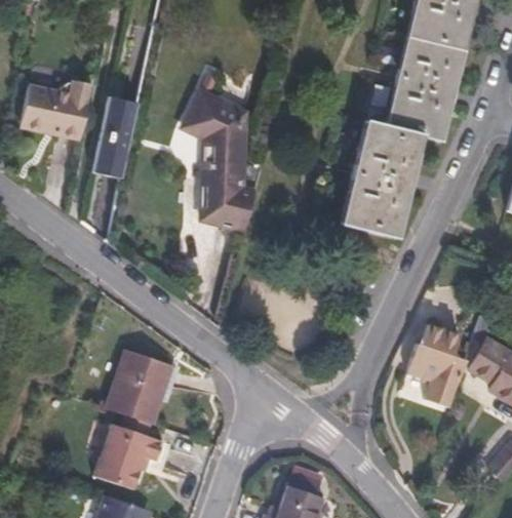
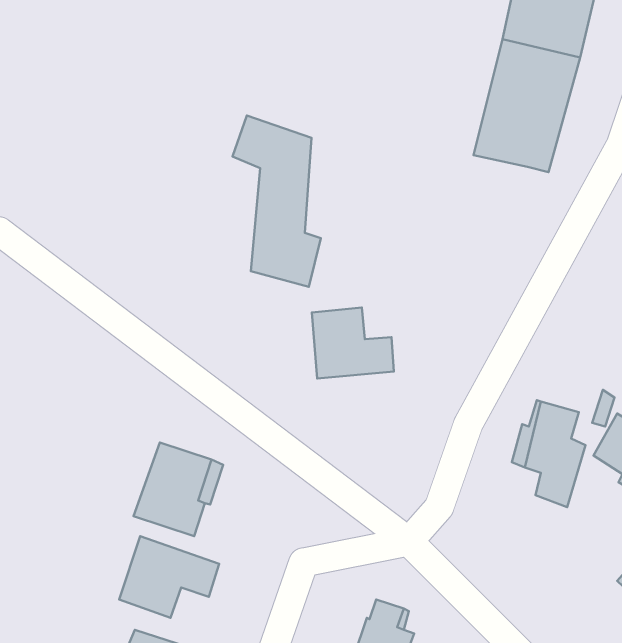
building: [22,83,90,137] -> none
building: [89,108,139,191] -> none
building: [330,125,418,244] -> none
building: none -> [312,307,394,378]

